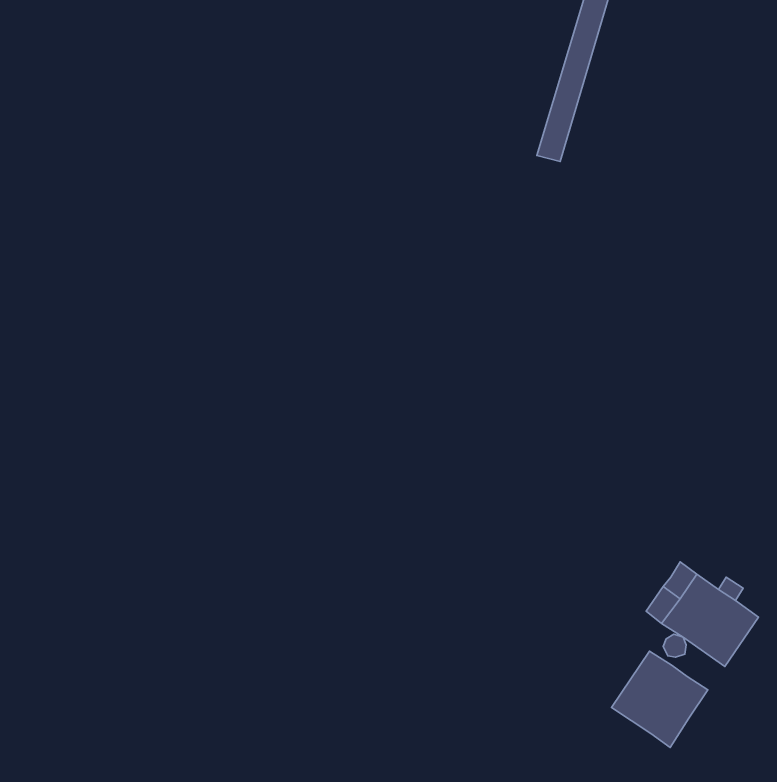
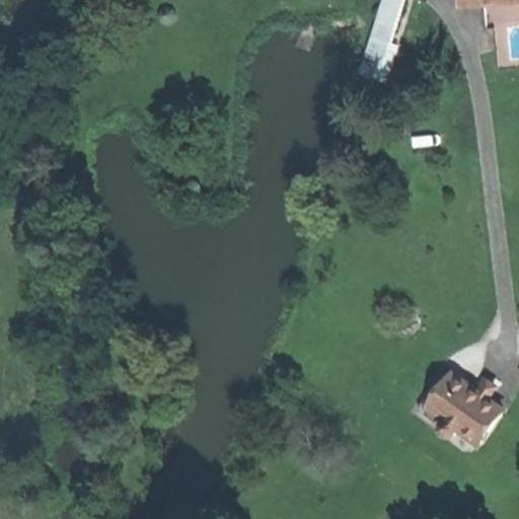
building: [611,651,708,748] -> none

